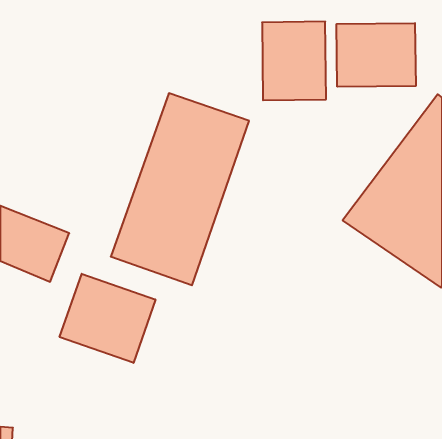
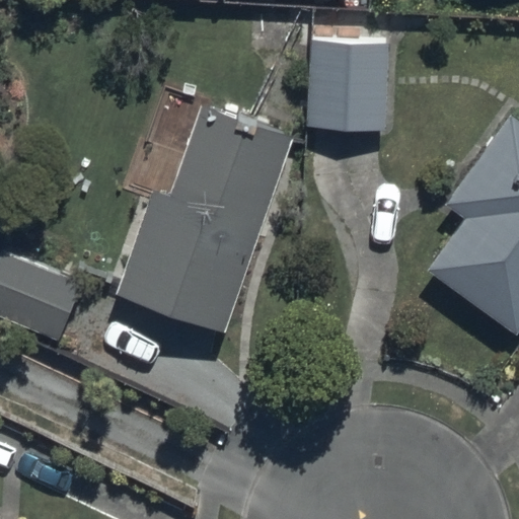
building: [337,23,416,87] -> none
building: [60,274,155,363] -> none

